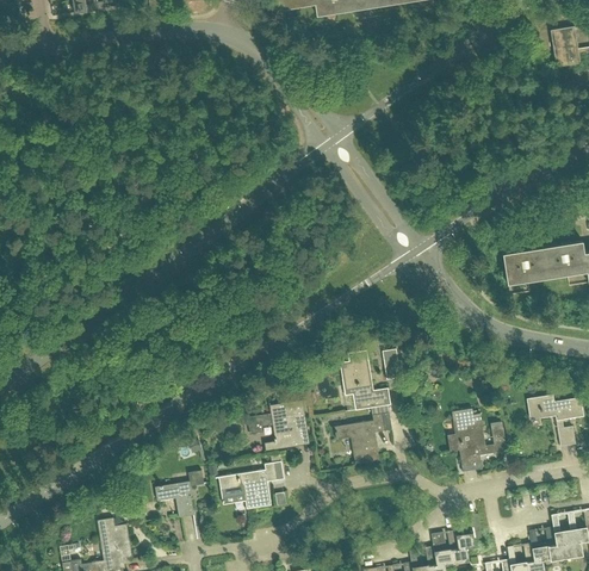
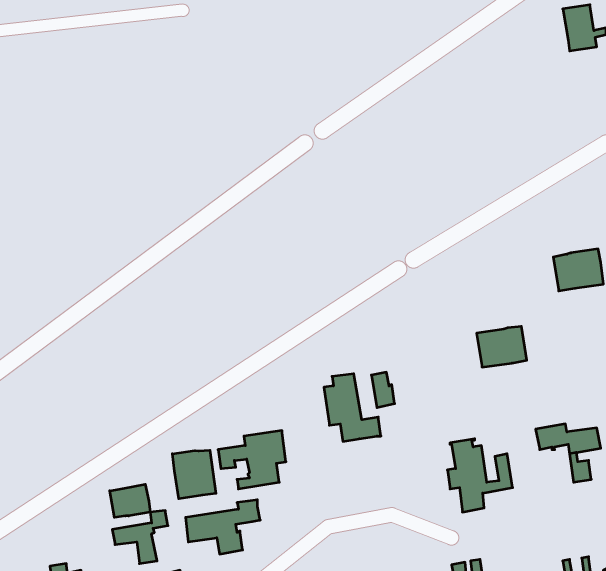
building: [502,248,546,284] -> [477,326,527,367]
building: [334,405,391,465] -> none
building: none -> [172,450,216,499]
building: none -> [110,484,150,517]

